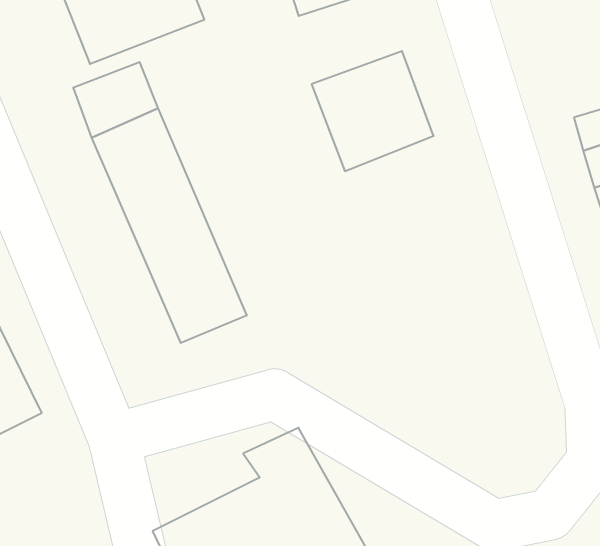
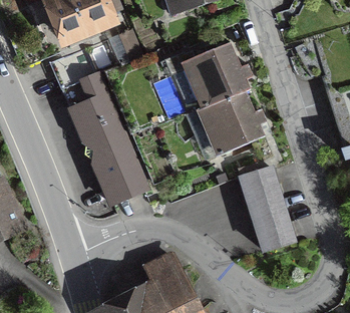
building: none -> [198,86,269,164]
building: none -> [238,163,297,250]

